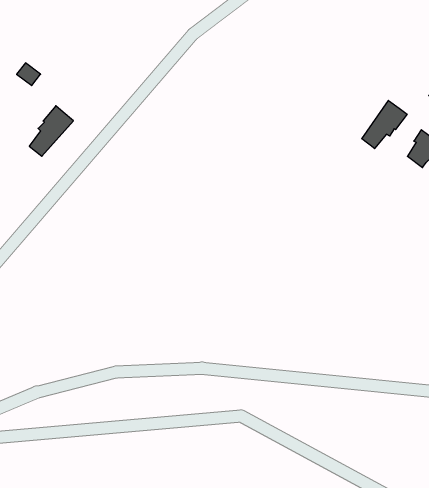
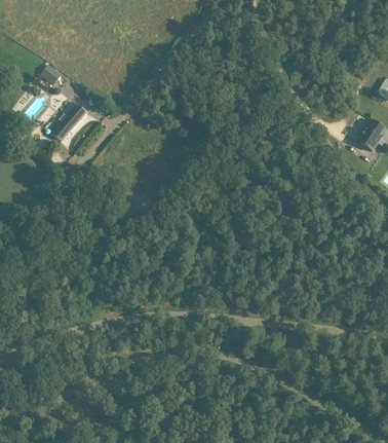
building: [362,100,407,149] -> none

